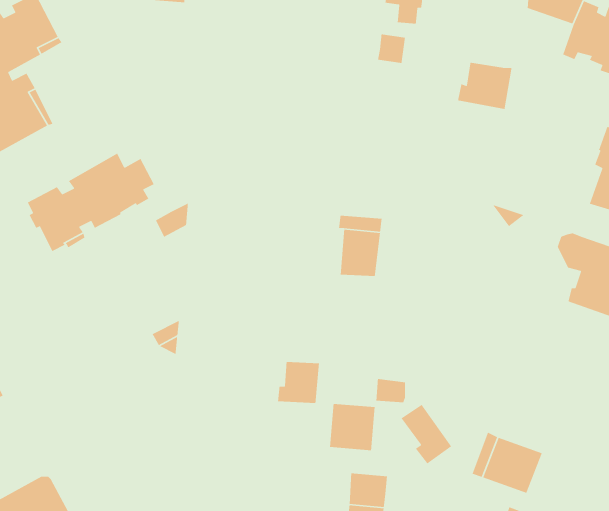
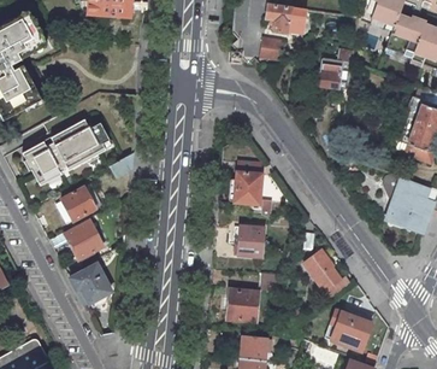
building: none -> [55,187,95,222]
building: none -> [66,221,104,259]
building: [277,361,320,404] -> [235,227,264,256]
building: none -> [70,264,111,304]
building: [400,404,452,464] -> [306,251,341,292]

